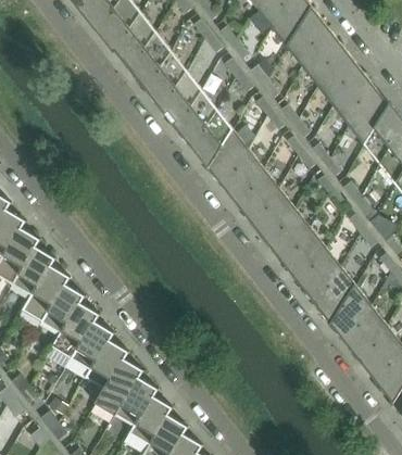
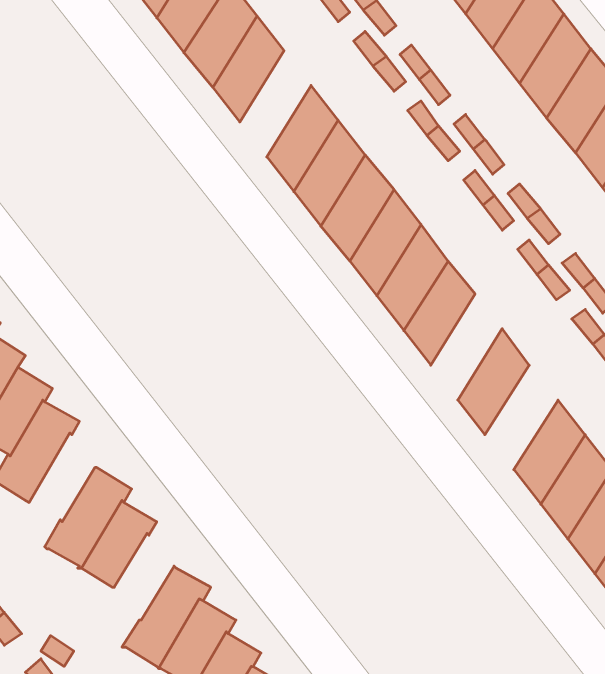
building: [161,68,201,128] -> none
building: [268,205,309,265] -> none
building: [299,245,340,304] -> none
building: [42,283,86,333] -> none
building: [85,340,129,389] -> none

